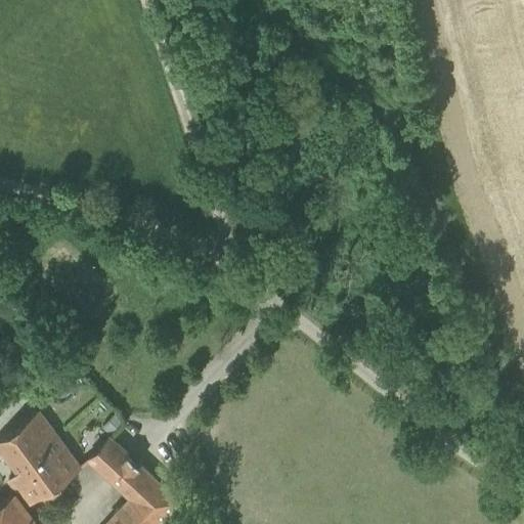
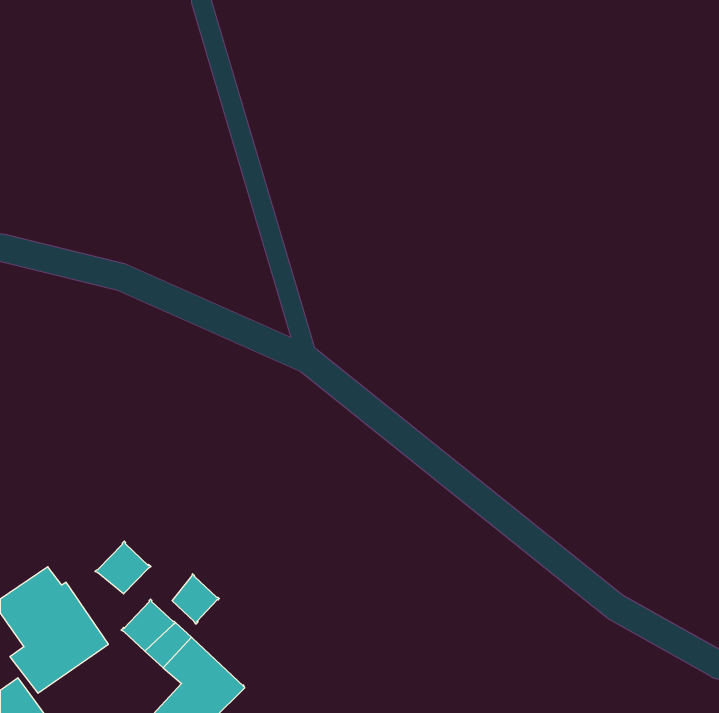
building: none -> [95,541,151,594]
building: none -> [172,574,219,624]

